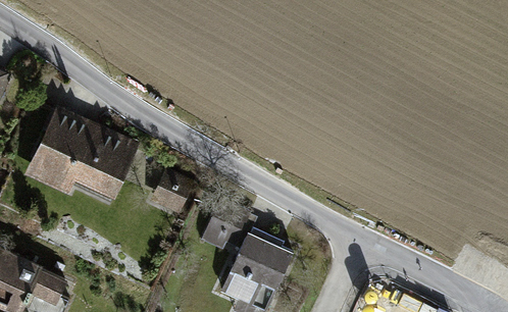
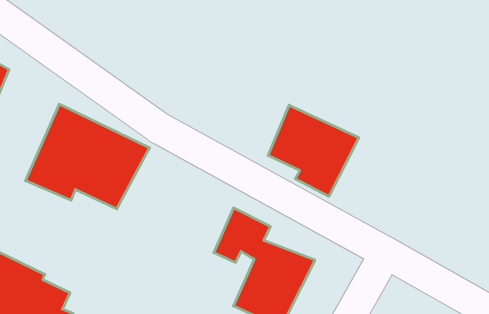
building: none -> [268,105,359,196]
building: [150,168,193,216] -> none

